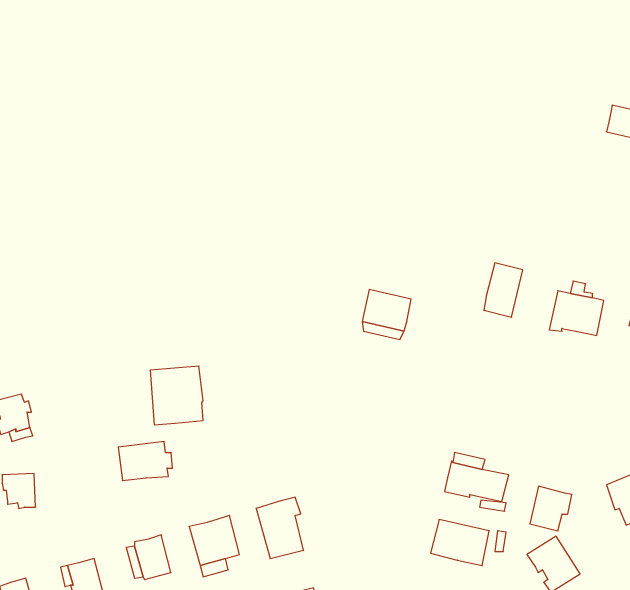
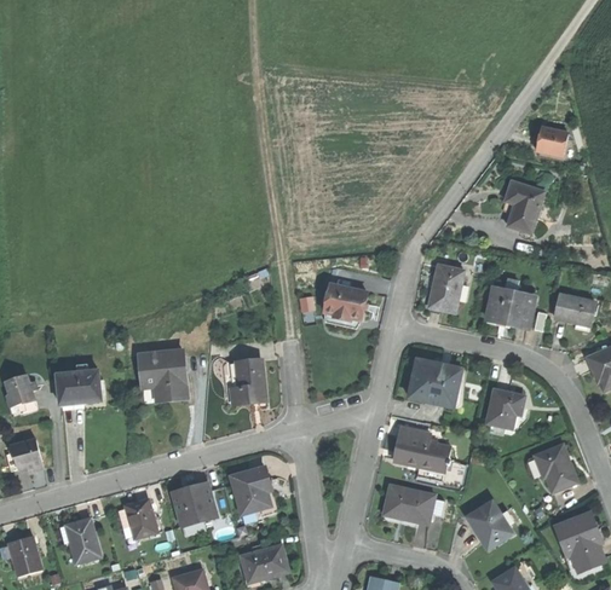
building: none -> [502,183,543,233]
building: none -> [408,358,461,406]
building: none -> [230,360,266,404]
building: [118,442,173,481] -> [57,374,104,407]
building: [530,486,572,531] -> [486,388,523,427]

